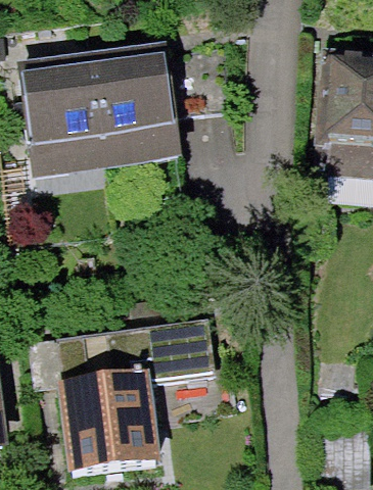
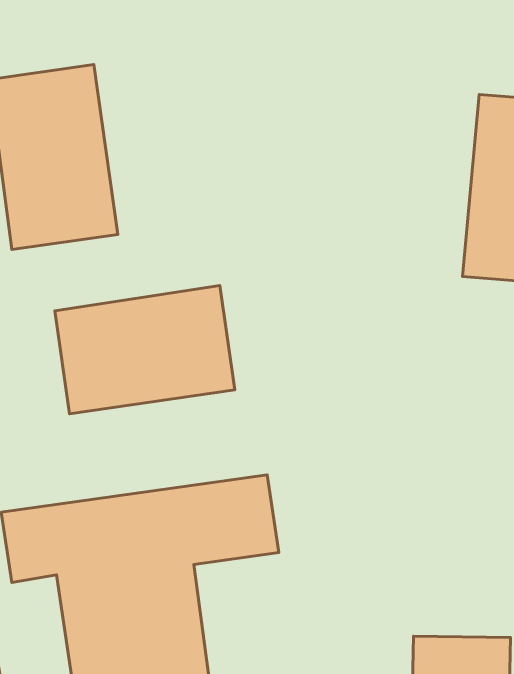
building: [80,39,171,165] -> none
building: none -> [55,285,235,414]

